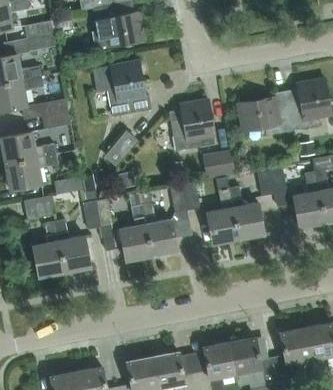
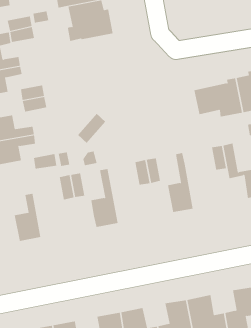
building: [93,61,152,117] -> none
building: [168,98,214,151] -> none
building: [202,149,234,178] -> none
building: [227,186,263,239] -> none
building: [139,191,177,255] -> none
building: [23,196,53,220] -> none
building: [54,219,89,271] -> none

